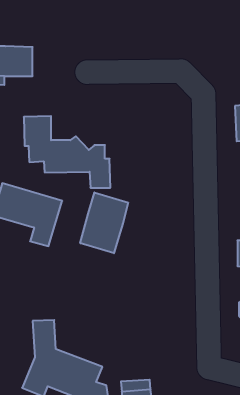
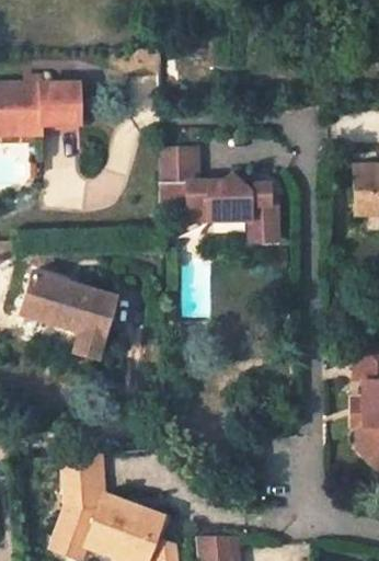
building: [24,116,110,188] -> [159,145,277,242]
building: [80,192,128,253] -> none

